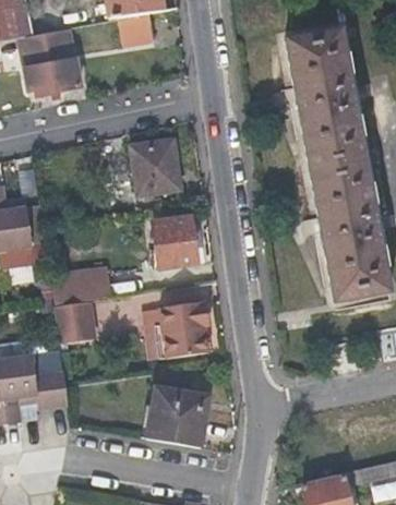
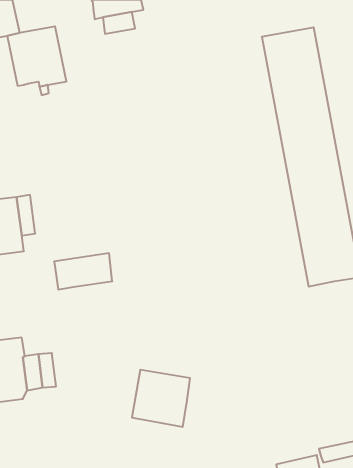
building: [130,142,183,196] -> none
building: [146,216,193,270] -> none
building: [56,301,96,345] -> none
building: [155,302,205,360] -> none

